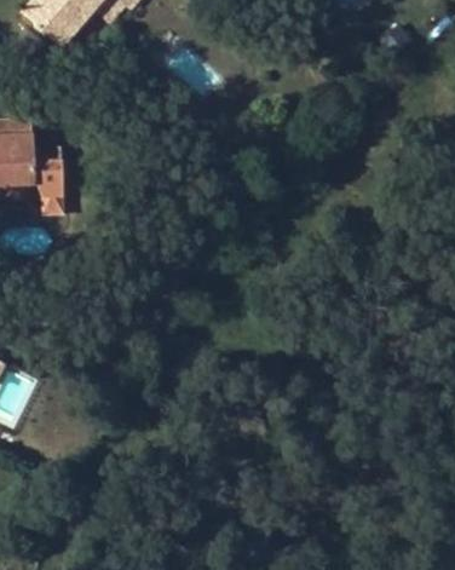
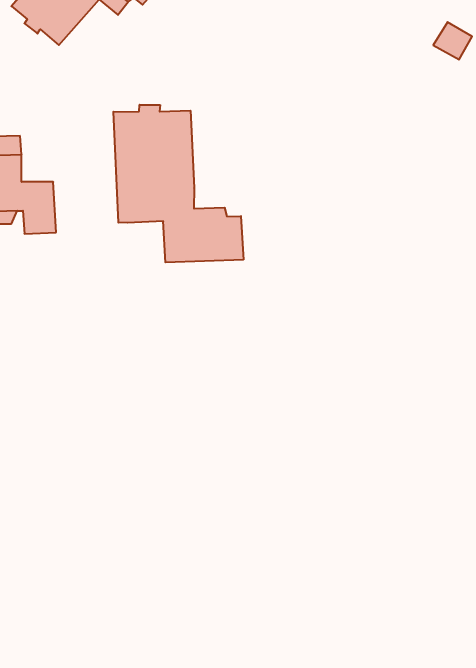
building: none -> [113,105,243,262]

